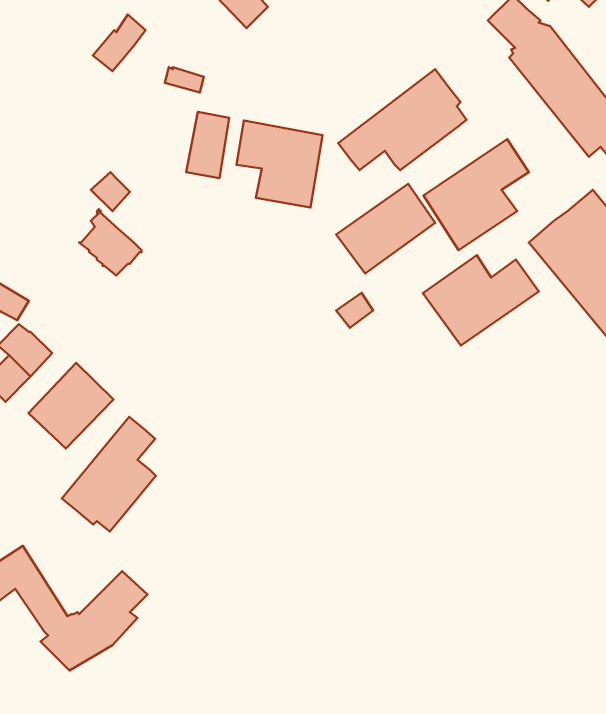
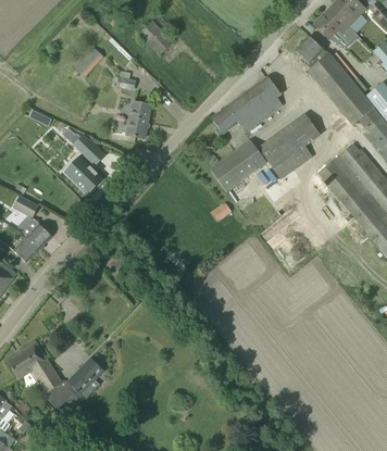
building: [237,121,322,208] -> none
building: [423,255,539,346] -> none
building: [28,363,114,449] -> none
building: [62,417,156,531] -> none

